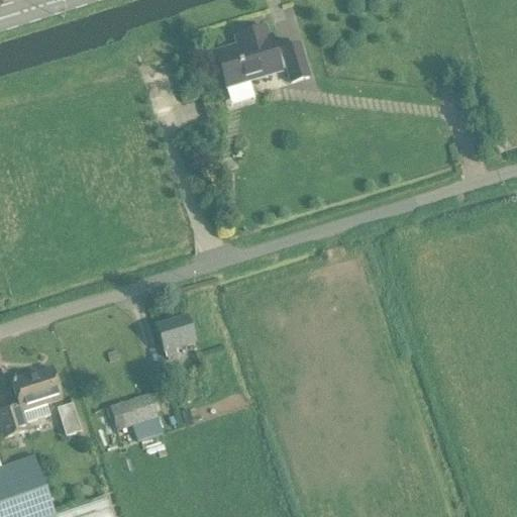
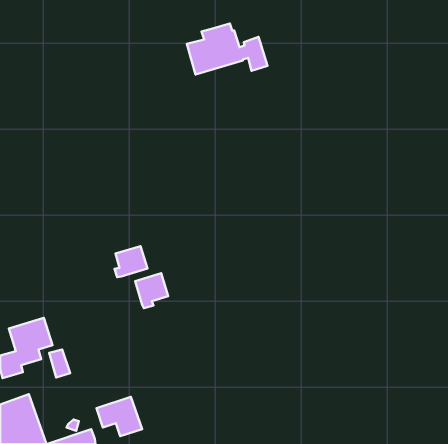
building: none -> [114,246,147,277]
building: [109,394,162,439] -> [97,397,142,436]

